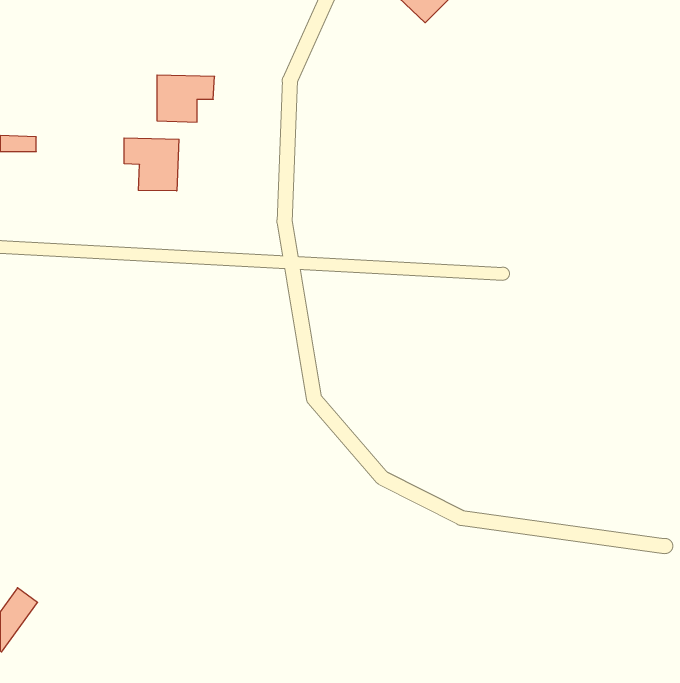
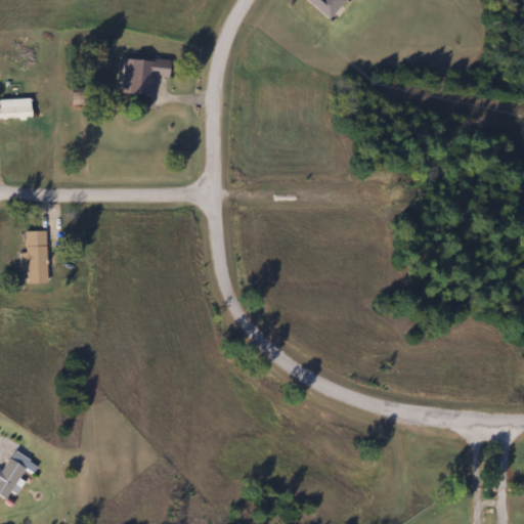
building: [124,138,179,191] -> none
building: none -> [25,229,48,282]

